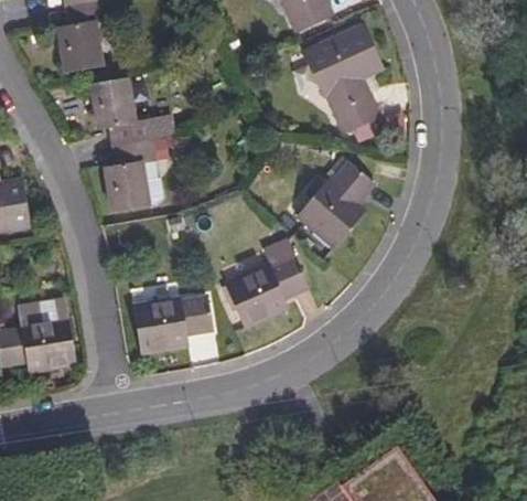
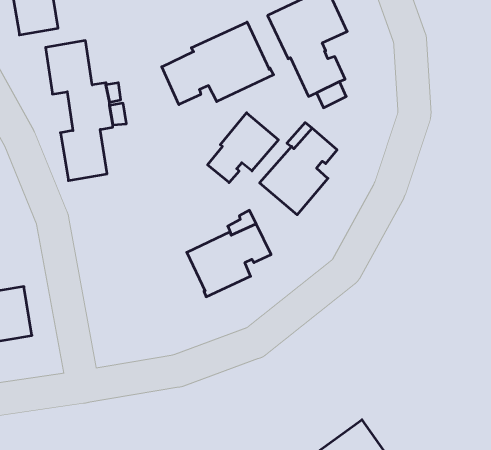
building: none -> [162,22,274,105]
building: none -> [208,113,278,183]
building: [135,296,212,351] -> none

